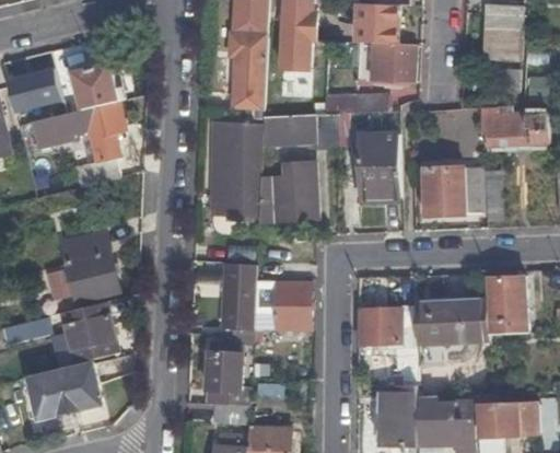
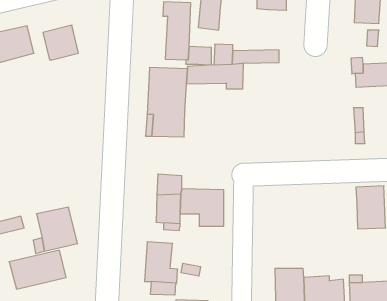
building: [369,43,413,82] -> none
building: [31,104,124,186] -> none
building: [359,133,400,198] -> none
building: [257,162,316,223] -> none
building: [421,166,480,216] -> none
building: [46,231,118,301] -> none
building: [413,300,488,342] -> none
building: [360,309,399,342] -> none

